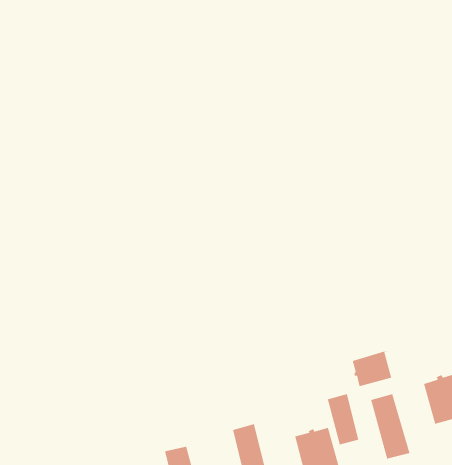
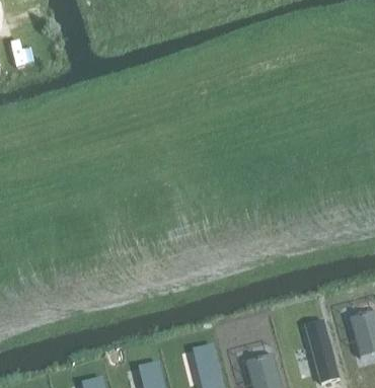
building: [350,350,395,388] -> none
building: [327,393,359,445] -> none

